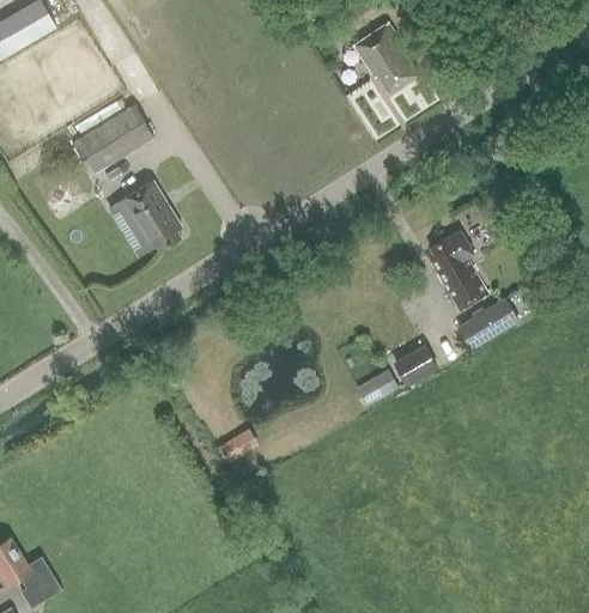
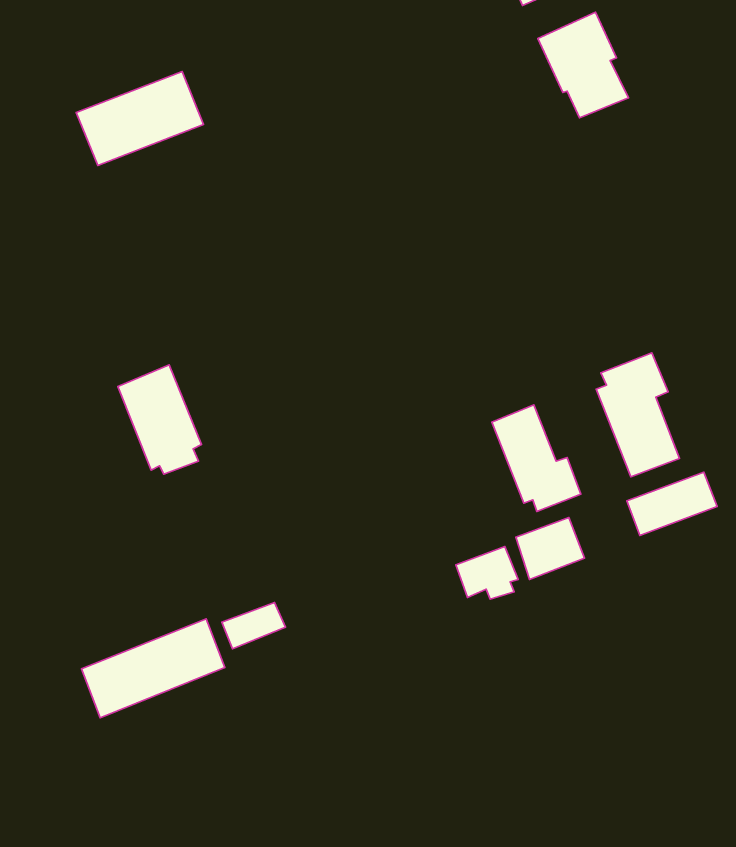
building: [121,178,180,248] -> [118,365,201,474]
building: none -> [492,405,581,512]
building: none -> [82,619,225,718]

